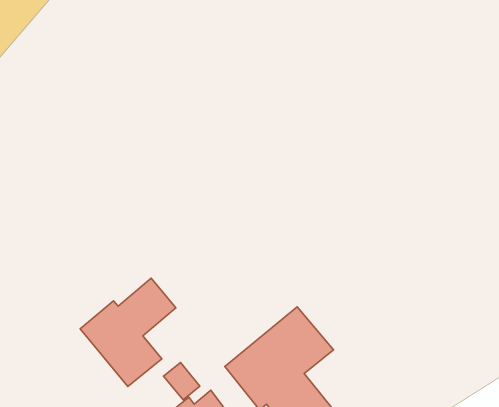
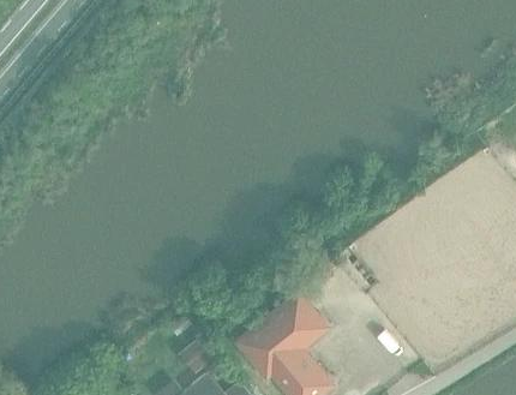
building: [80,278,176,387] -> none

